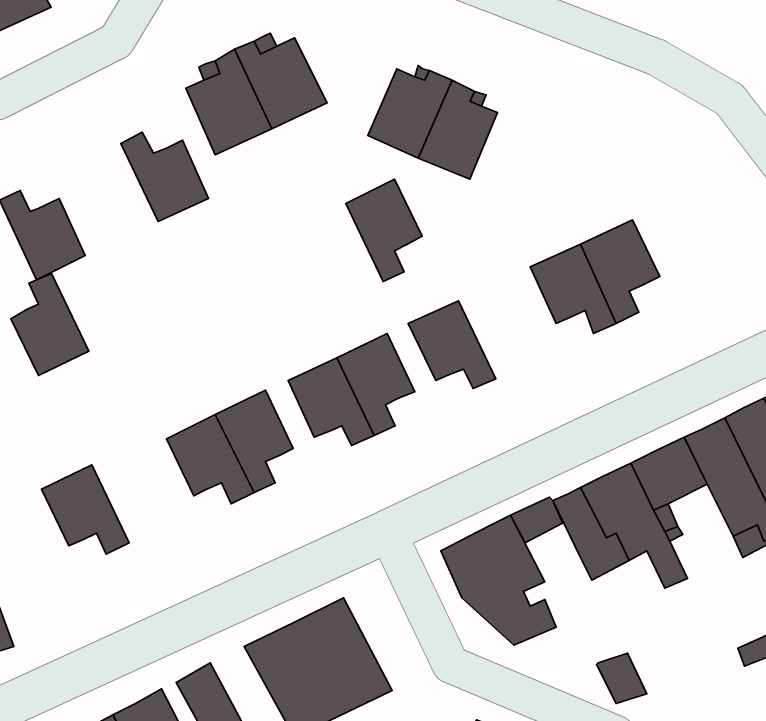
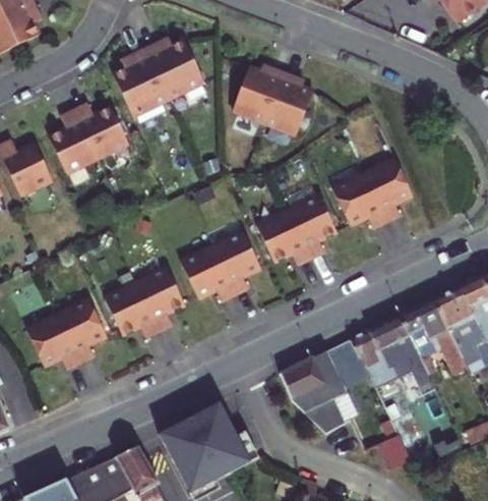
building: [346,179,422,282] -> [289,198,337,262]
building: [11,273,89,376] -> [52,114,101,178]
building: none -> [59,301,107,365]

